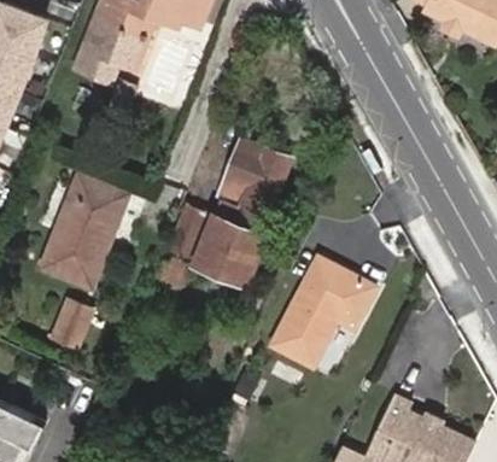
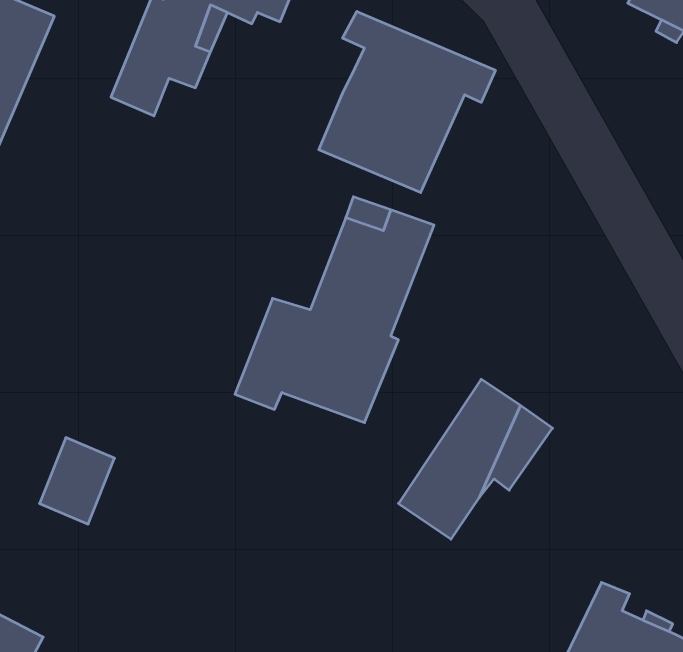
building: none -> [319,11,495,193]
building: [40,175,127,291] -> none

